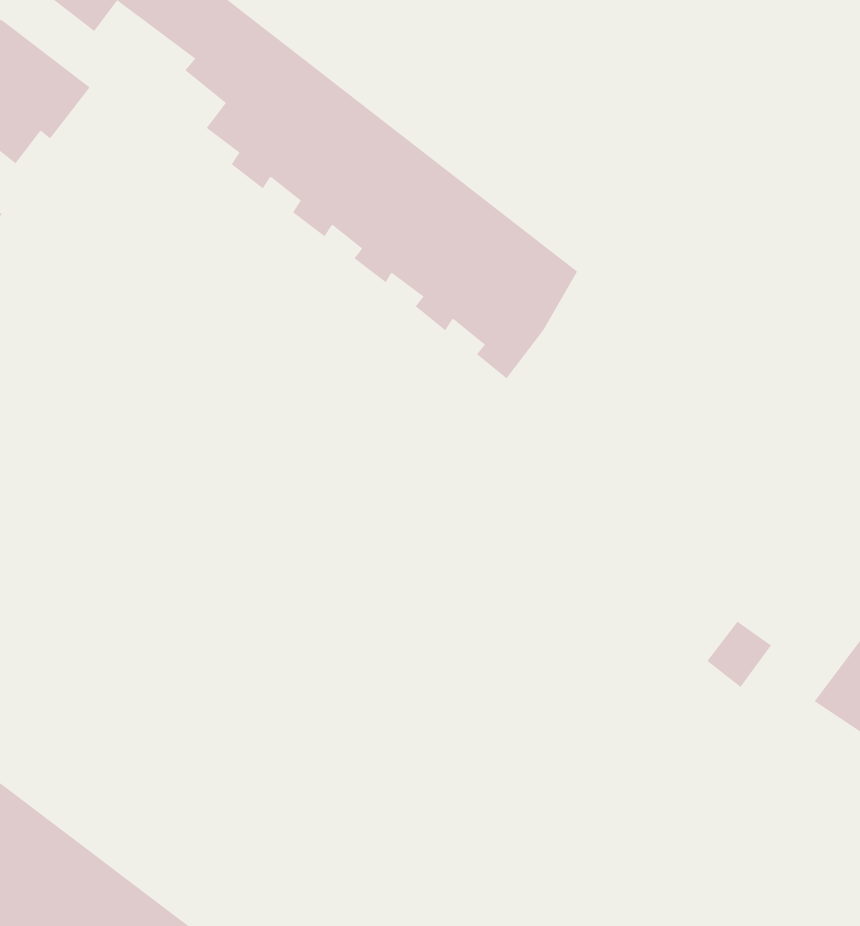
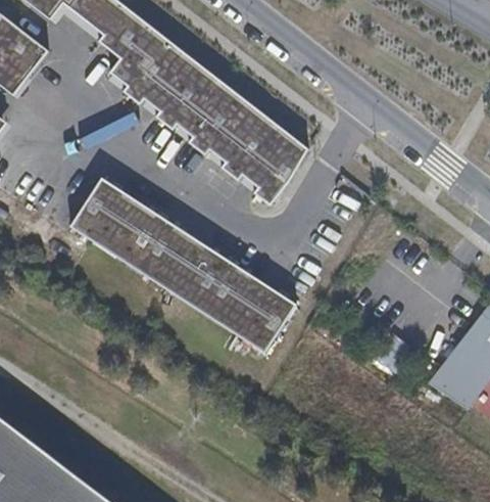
building: none -> [70,177,297,353]

